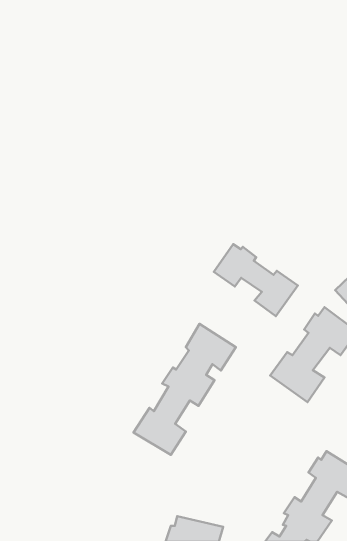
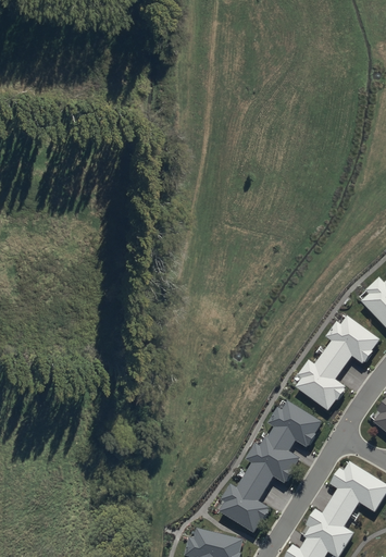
building: [214,244,298,316] -> none
building: [133,324,236,455] -> [216,399,321,533]

